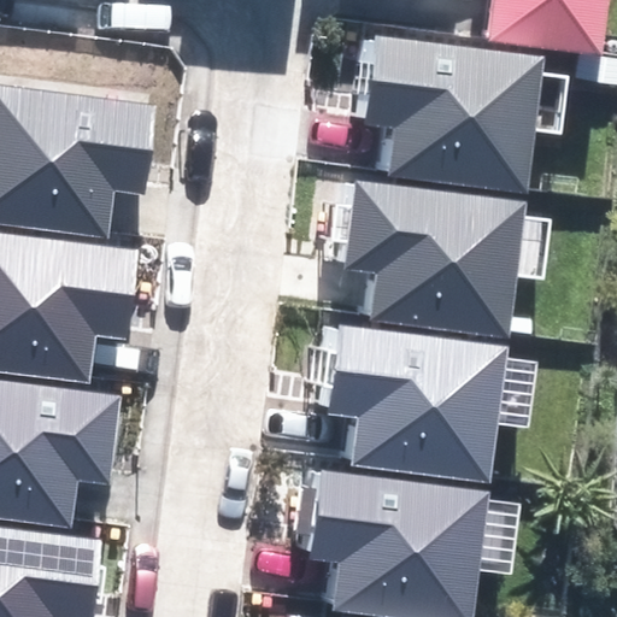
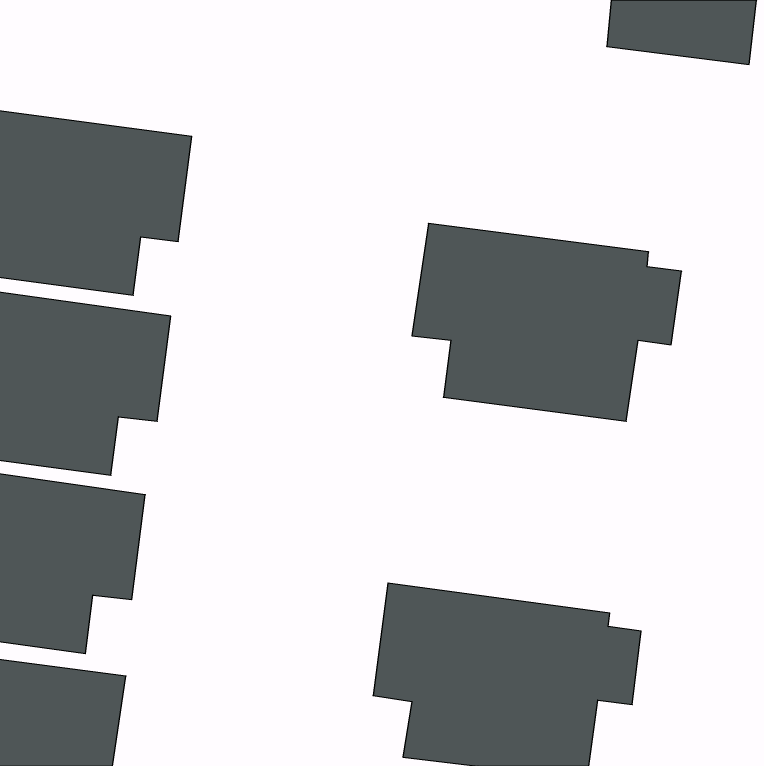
building: [358,30,574,190] -> none
building: [319,322,535,482] -> none

